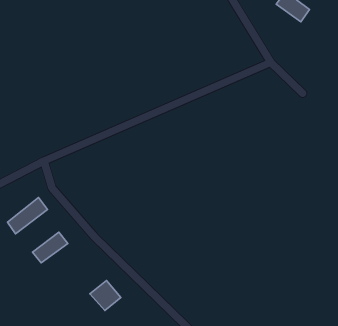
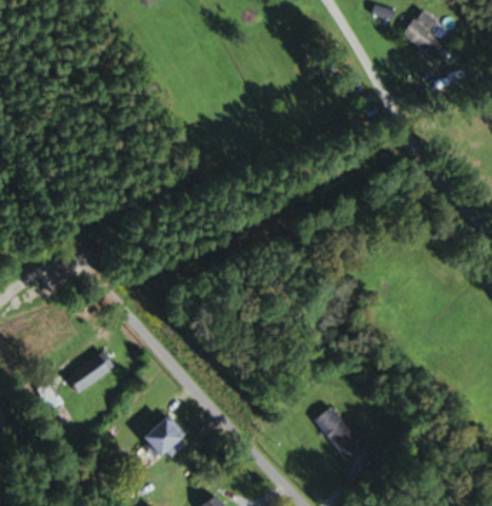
building: [7,197,48,234] -> none
building: none -> [315,405,362,460]

